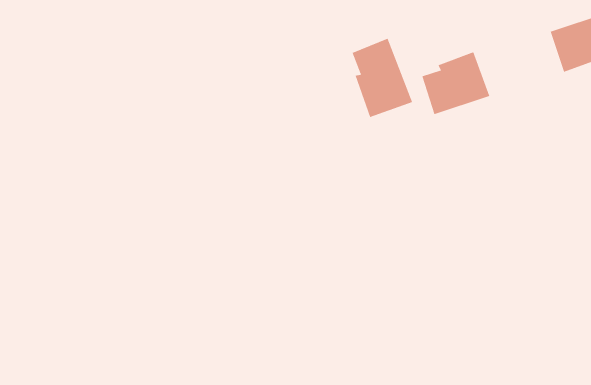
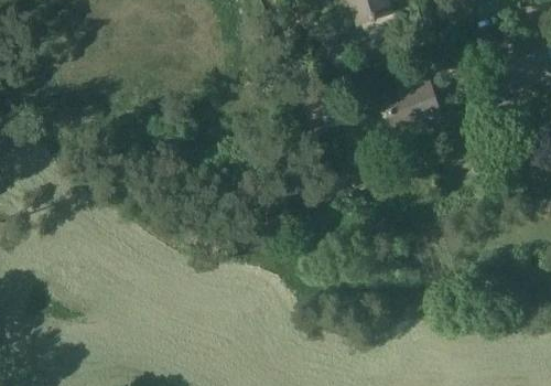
building: [352,38,413,118] -> none

